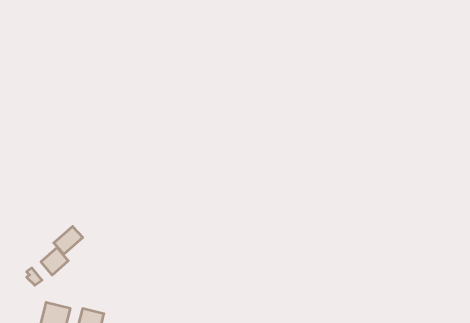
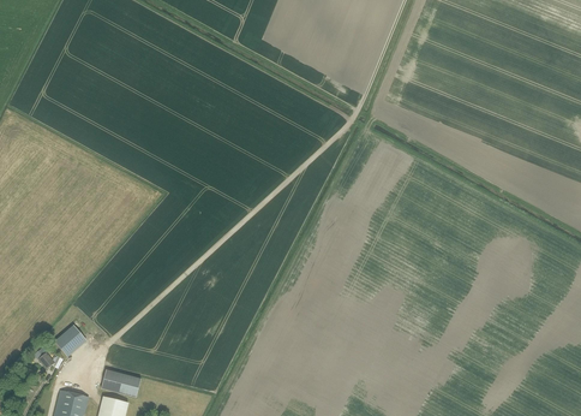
building: [54,226,83,254] -> none
building: none -> [101,368,140,397]

